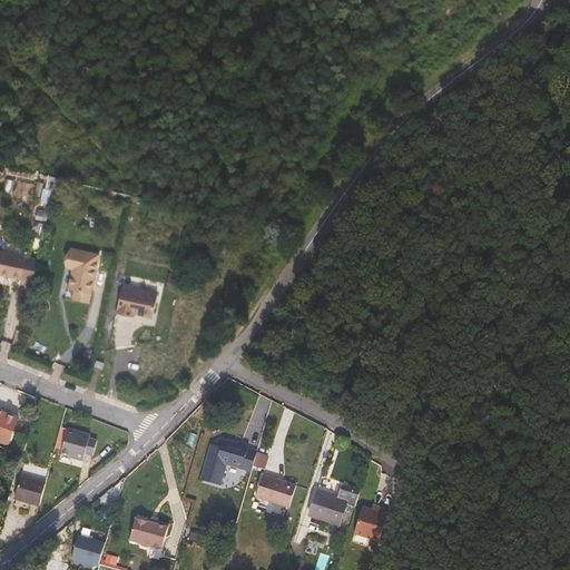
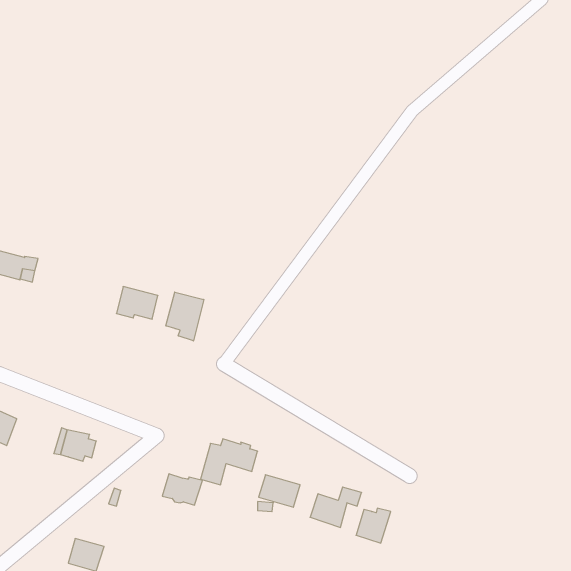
building: [63,246,95,291] -> none
building: none -> [166,292,204,341]
building: [13,474,46,504] -> none
building: [128,517,168,548] -> [162,474,202,505]

